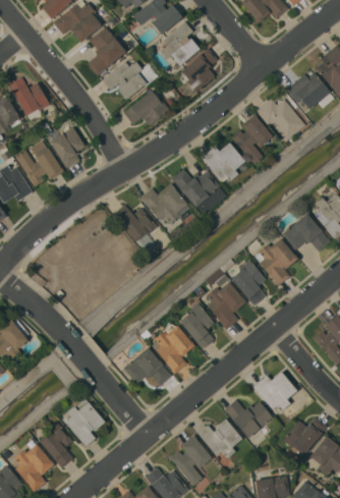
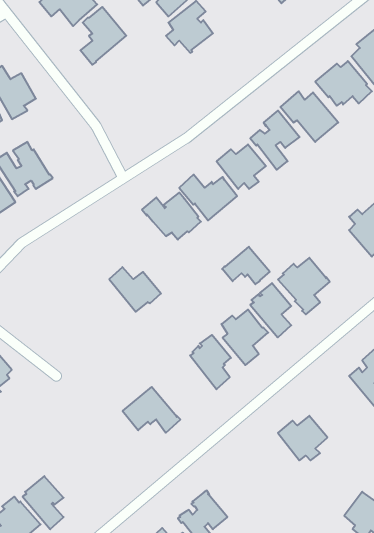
building: [181,48,218,92] -> none
building: [103,61,159,99] -> none
building: [123,91,169,125] -> none
building: [50,126,86,168] -> none
building: [113,204,157,241] -> [109,267,161,312]
building: [282,213,331,252] -> none
building: none -> [222,247,270,284]
building: [152,323,194,374] -> none
building: [66,398,105,447] -> none
building: [224,399,273,438] -> none
building: [283,418,327,454] -> none
building: [199,419,242,458] -> none

